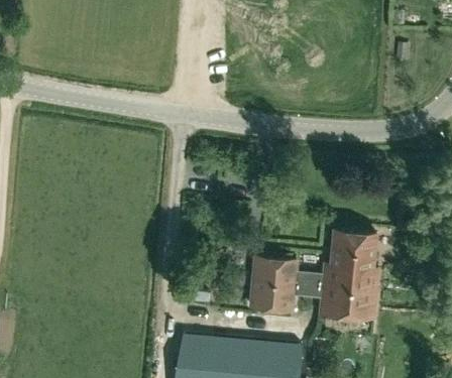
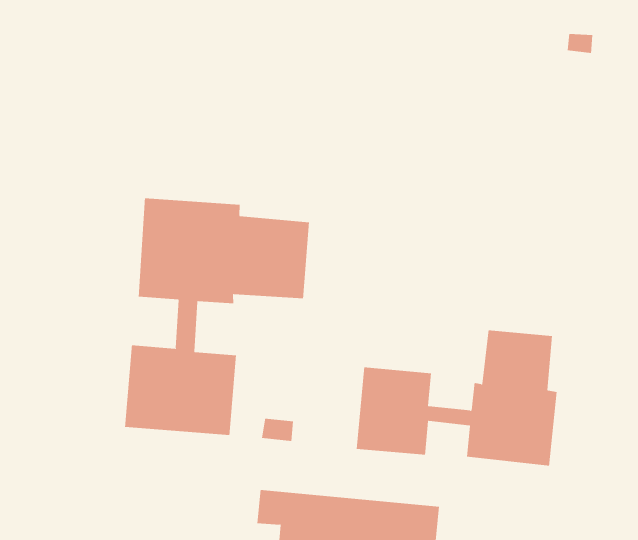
building: none -> [124,197,309,436]

